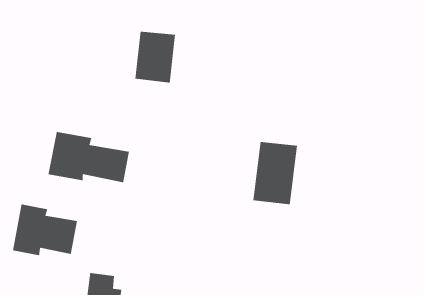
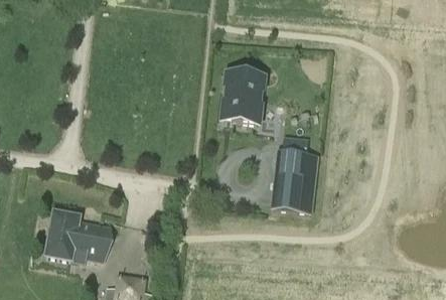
building: [134,31,176,83] -> [224,68,263,118]
building: [48,131,130,183] -> none

